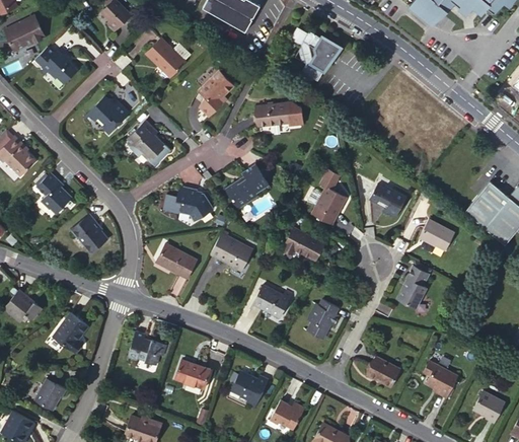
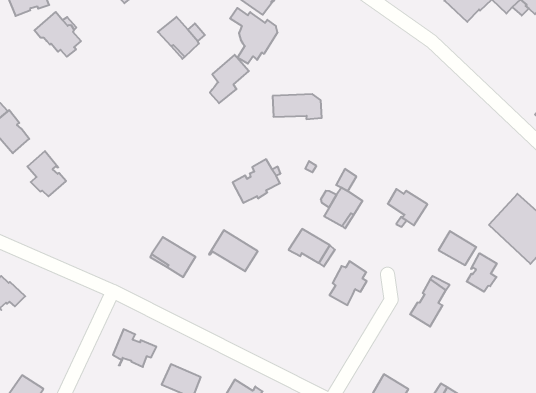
building: [291,29,336,80] -> [230,8,278,64]
building: [89,96,131,134] -> none
building: [129,120,171,166] -> none
building: [164,186,214,220] -> none
building: [71,214,107,251] -> none
building: none -> [467,253,497,292]
building: [253,285,292,316] -> none
building: [306,299,340,340] -> [329,261,367,305]
building: [53,313,88,354] -> none

